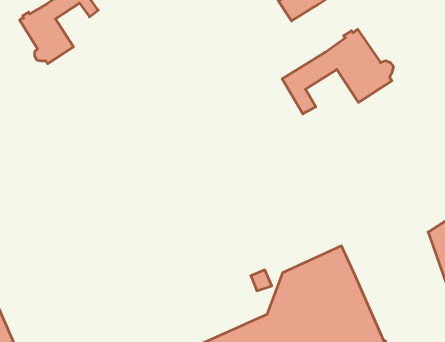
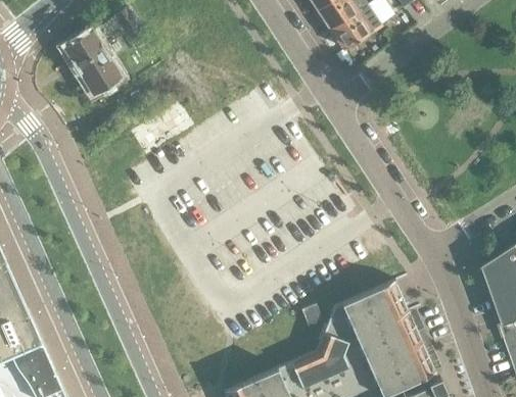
building: [282,29,393,114] -> none

